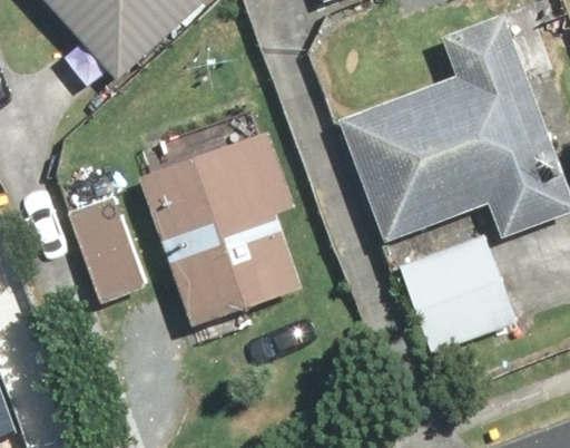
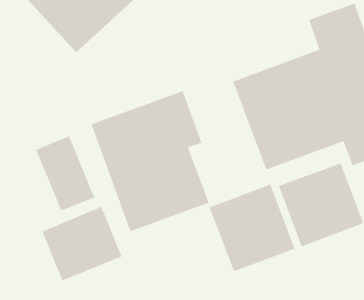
building: none -> [209,184,295,272]
building: none -> [42,206,123,282]

